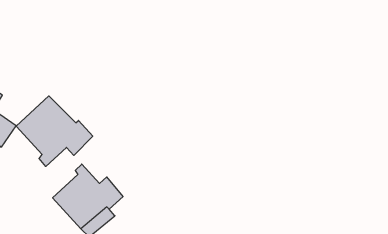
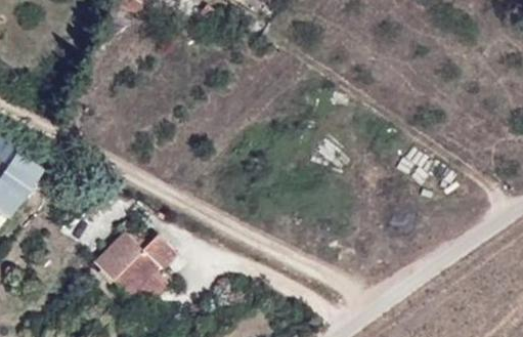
building: [16,96,93,166] -> none

